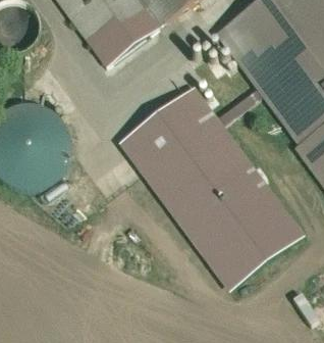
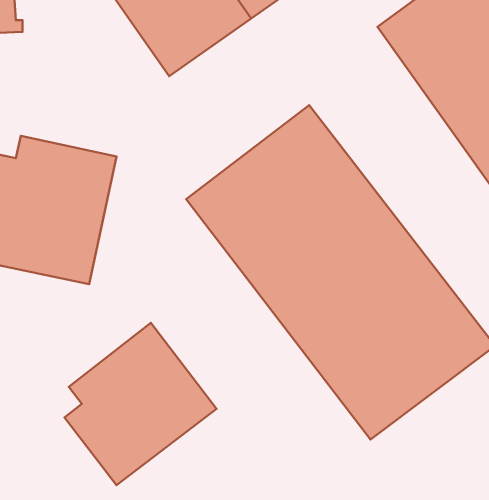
building: none -> [65,323,217,485]

